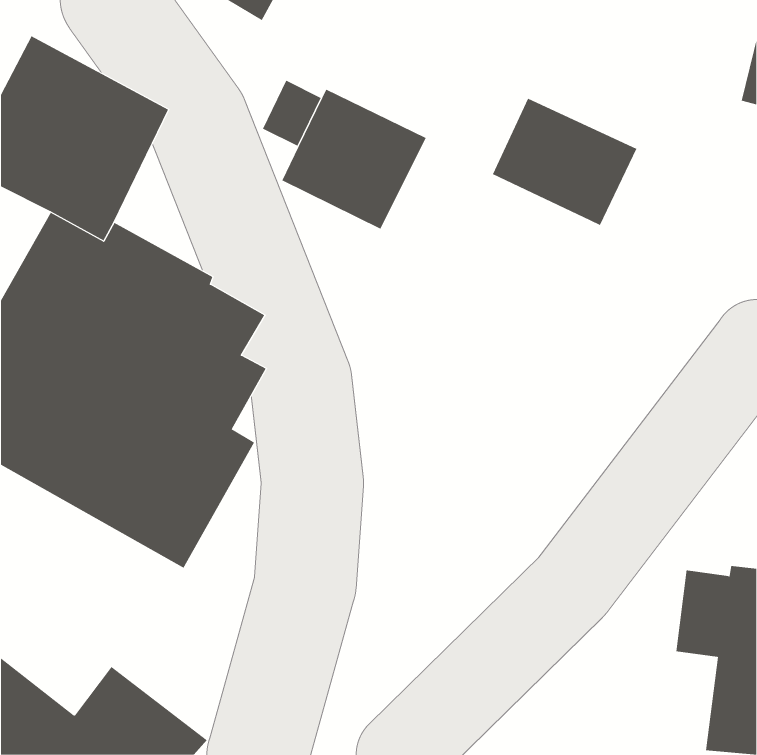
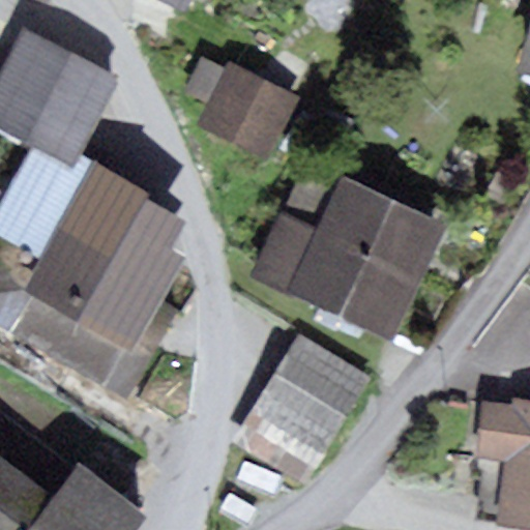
building: [492,98,637,226] -> none
building: none -> [252,173,448,341]
building: none -> [231,332,371,487]

